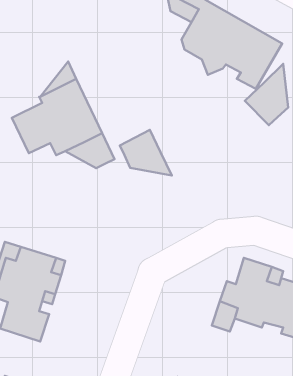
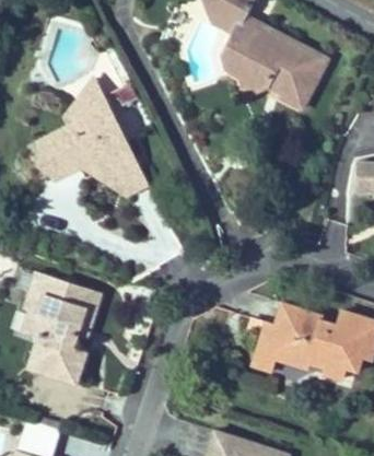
building: [245,64,288,125] -> none
building: [120,130,172,175] -> none

